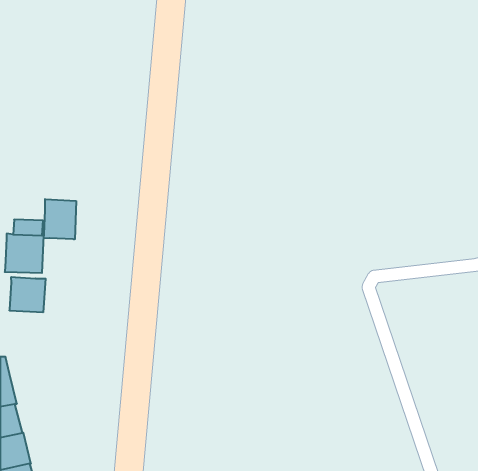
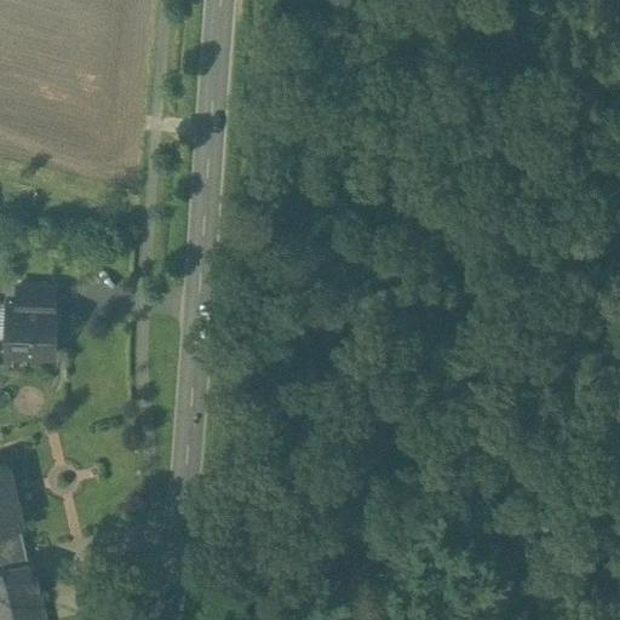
building: [44,199,76,239] -> none
building: [10,277,46,312] -> none

